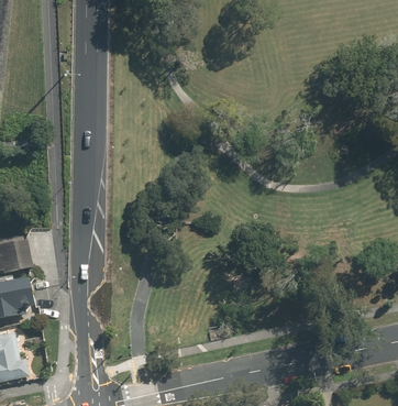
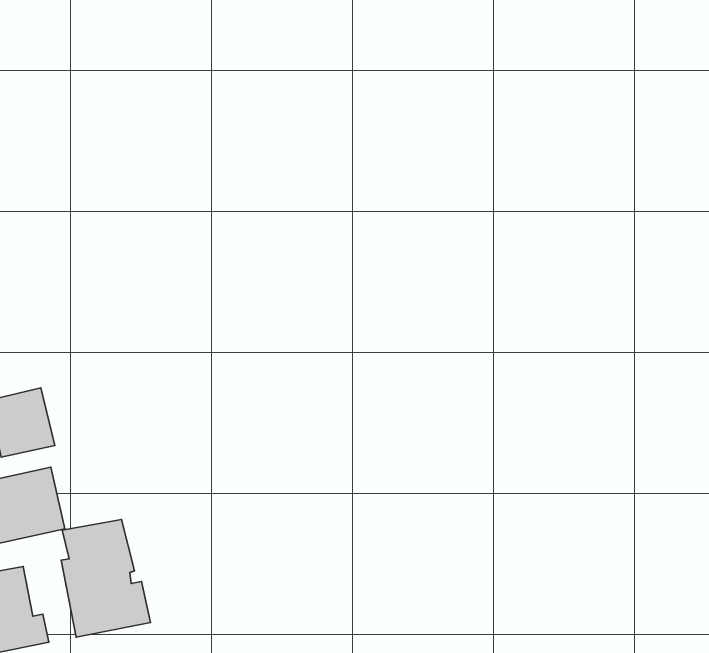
building: none -> [61,519,151,637]

